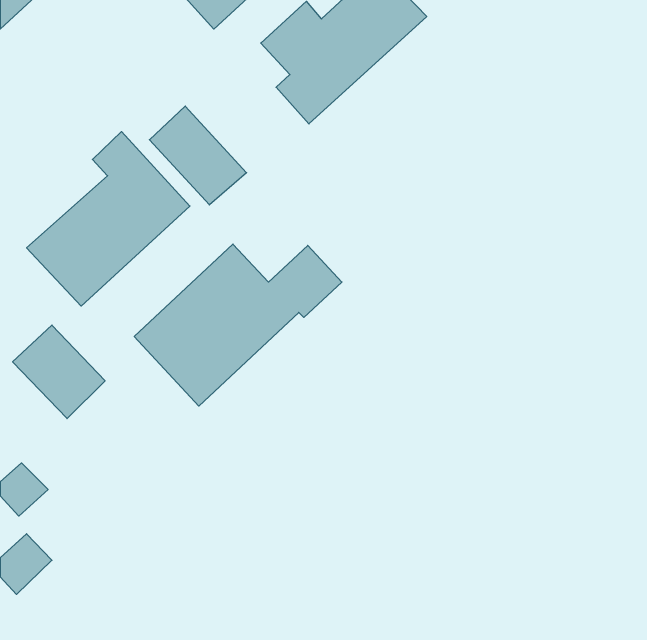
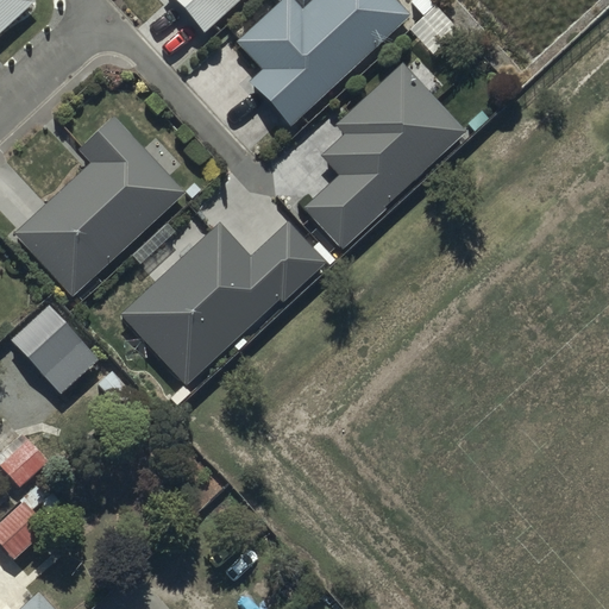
building: none -> [309,70,460,243]
building: [149,106,247,205] -> none

